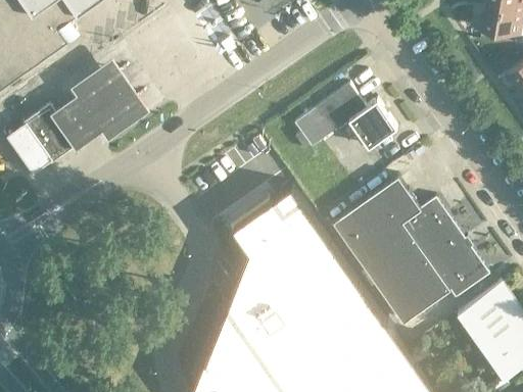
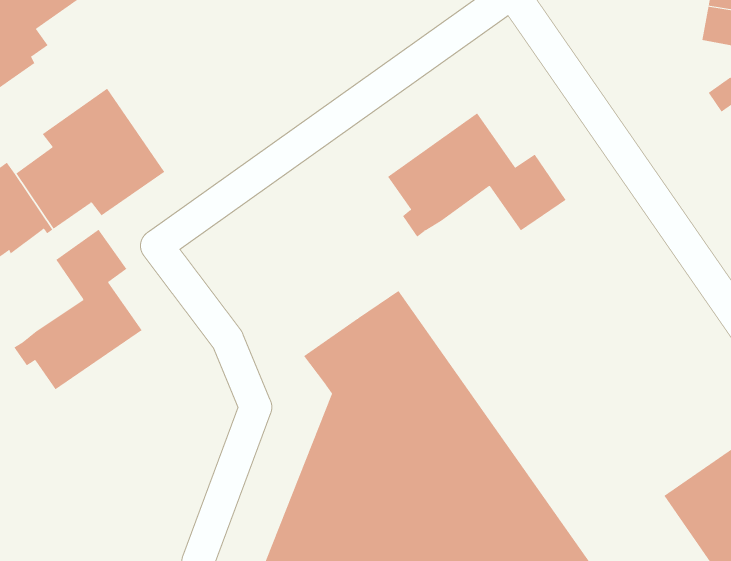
building: none -> [13,229,143,390]
building: [332,178,489,324] -> none

